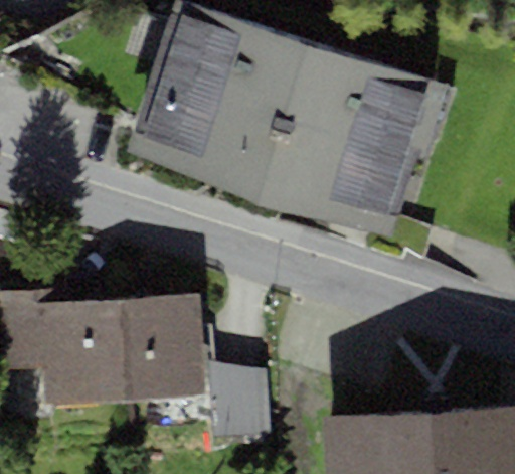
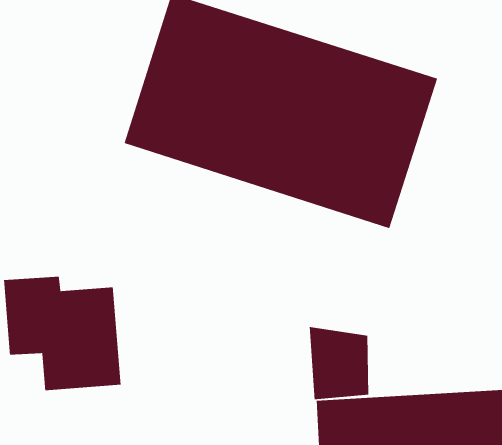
building: [117,295,205,401] -> none
building: [208,362,270,438] -> [309,326,369,400]

